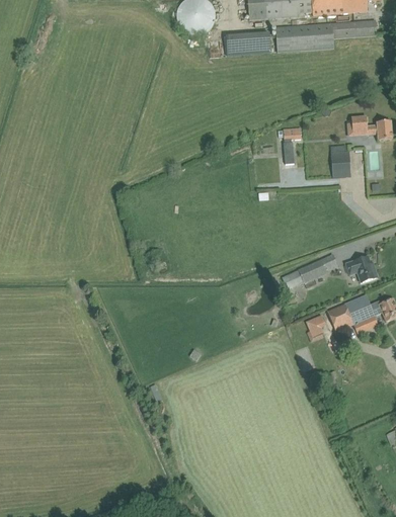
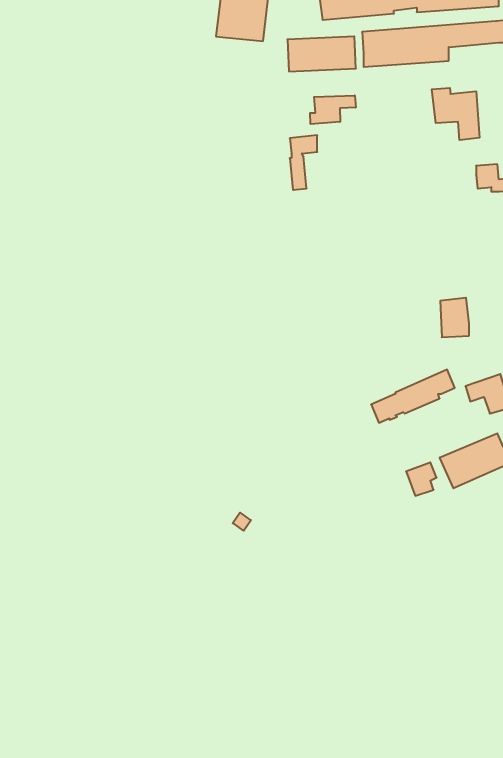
building: none -> [432,88,479,140]
building: none -> [310,95,356,124]
building: [283,126,301,163] -> [290,135,317,190]
building: [331,150,350,176] -> [440,298,469,337]

